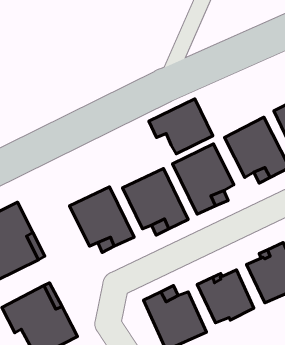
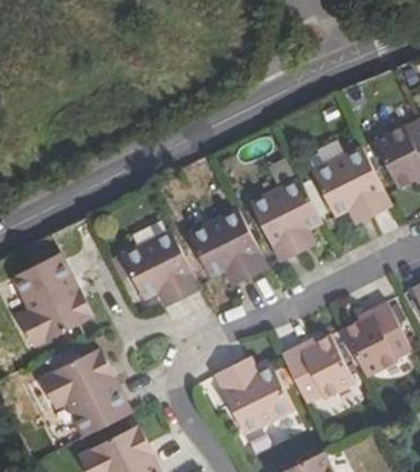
building: [149,99,213,154] -> none

